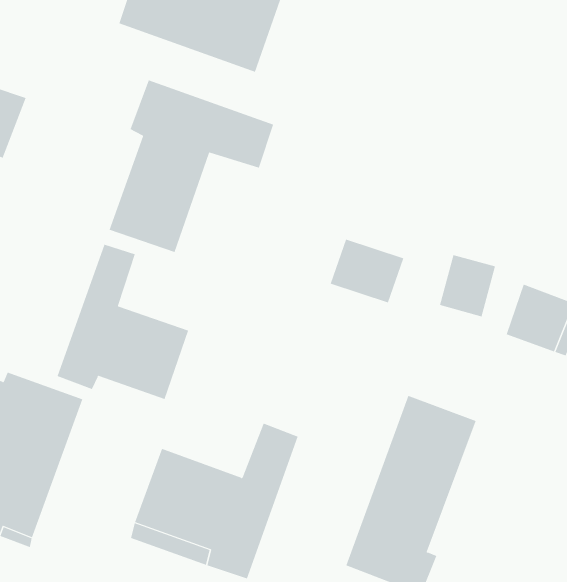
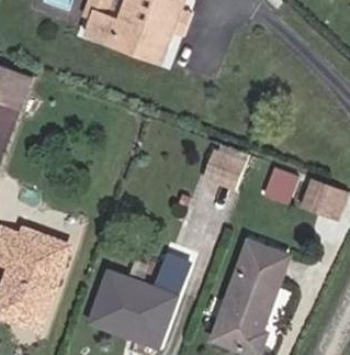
building: [109,79,274,253] -> none
building: [57,244,189,400] -> none

